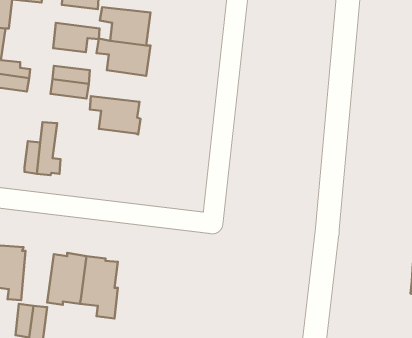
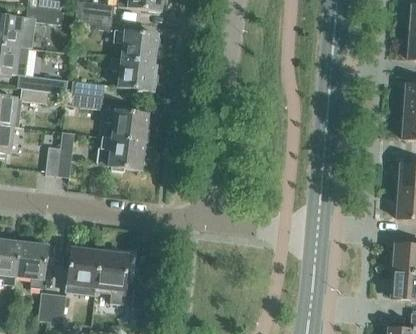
building: [53,23,100,52] -> none
building: none -> [96,135,145,170]

